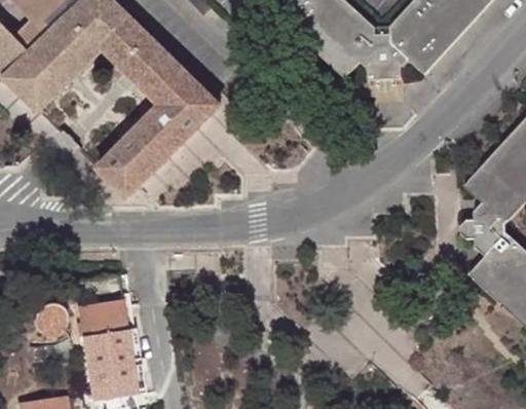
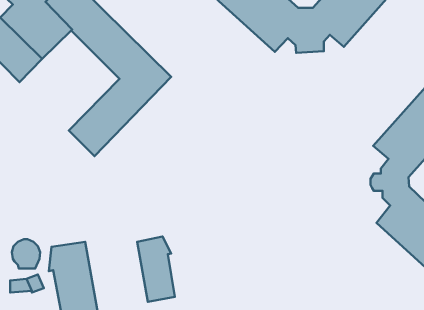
building: none -> [137,236,175,302]

